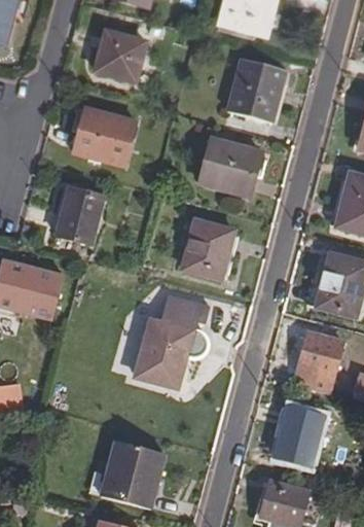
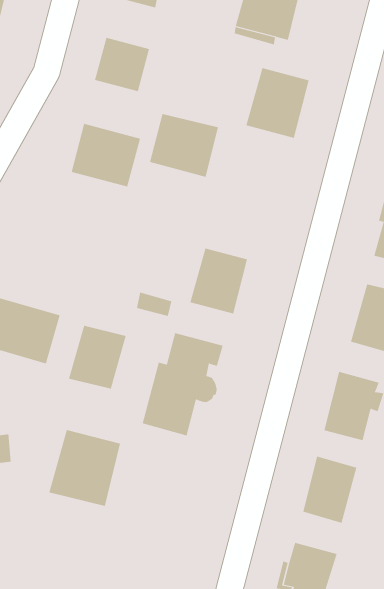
building: [196,141,258,198] -> [149,113,219,177]
building: [54,190,106,247] -> [68,325,127,389]
building: [99,441,162,508] -> [49,430,121,506]

